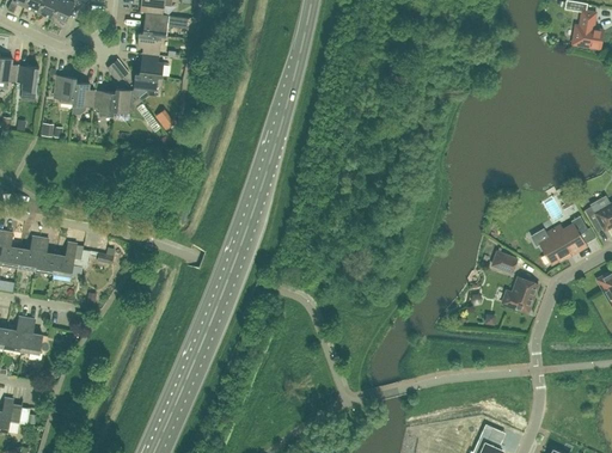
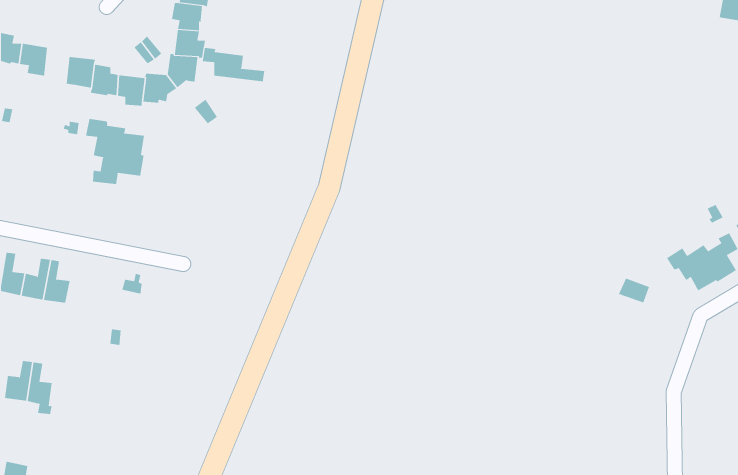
building: none -> [202,47,265,82]
building: none -> [86,118,144,185]
building: [53,241,90,275] -> none
building: [502,276,538,312] -> none

